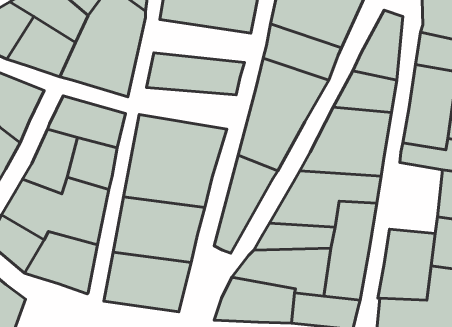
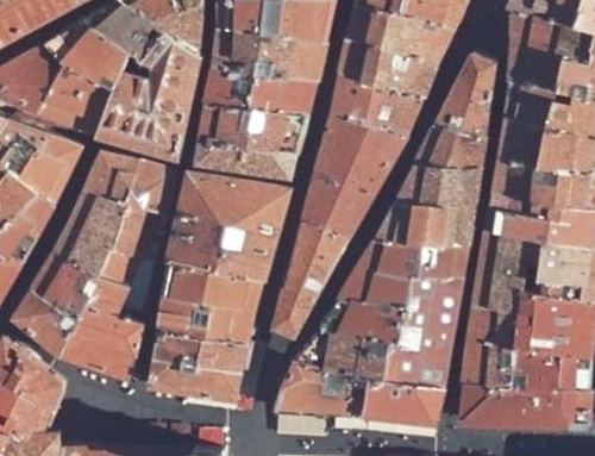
building: none -> [207,67,318,115]
building: none -> [195,144,301,176]
building: none -> [476,230,537,311]

